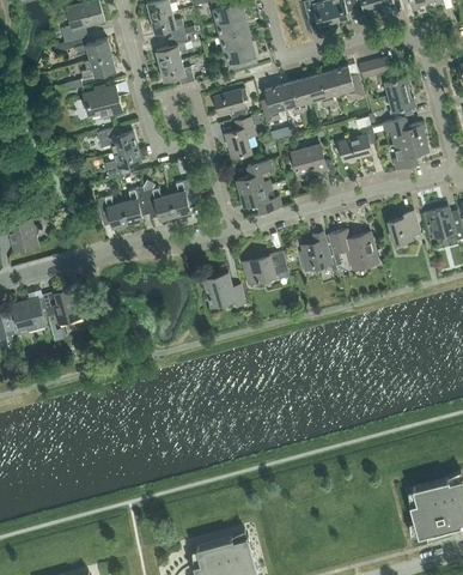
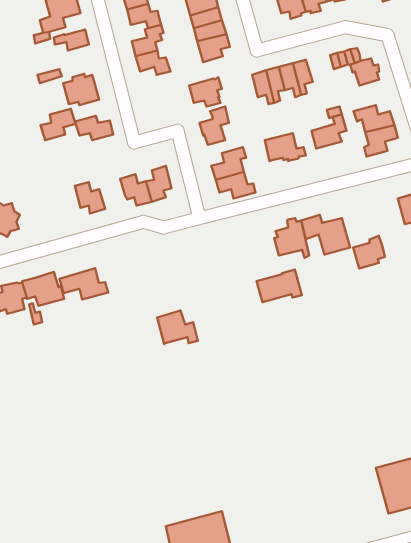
building: [81,54,116,79] -> none
building: [334,65,364,99] -> none
building: [261,85,285,123] -> none
building: [389,90,415,120] -> none
building: [105,146,141,178] -> [41,109,76,140]
building: [122,187,148,223] -> none
building: [388,210,420,243] -> [353,236,385,269]
building: [243,250,290,284] -> [257,270,302,302]
building: [205,272,246,307] -> [157,310,198,344]
building: none -> [60,268,108,299]

